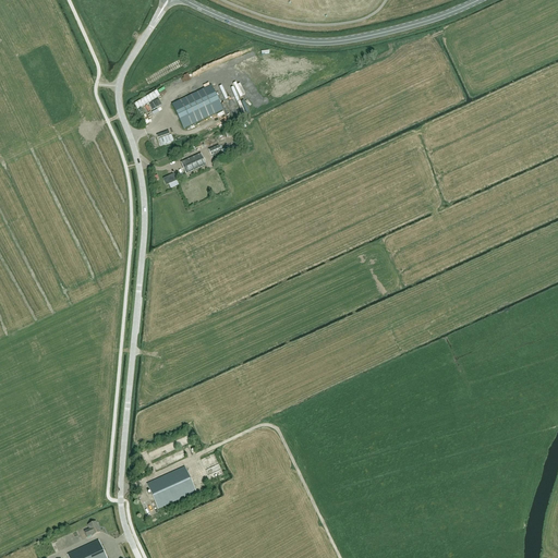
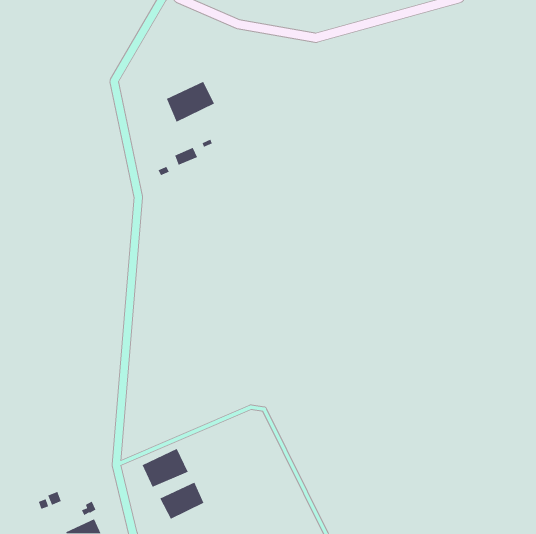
building: none -> [159,482,205,520]

